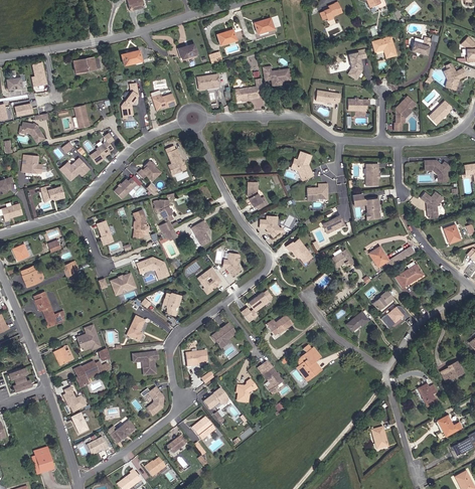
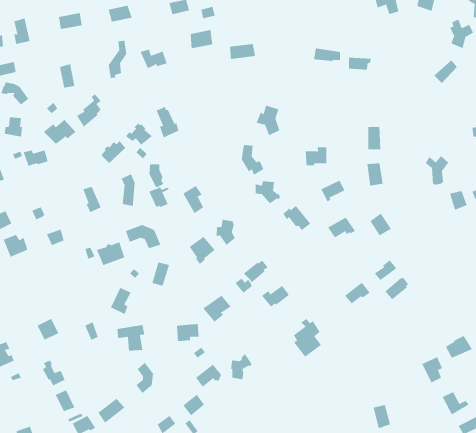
building: [348,49,368,80] -> none
building: [263,65,292,86] -> none
building: [393,96,417,131] -> none
building: [291,151,314,180] -> [256,105,280,136]
building: [425,159,451,182] -> none
building: [395,262,425,289] -> none
building: [33,292,65,327] -> none
building: [77,325,102,352] -> none
building: [73,360,100,388] -> none
building: [257,360,284,394] -> none

